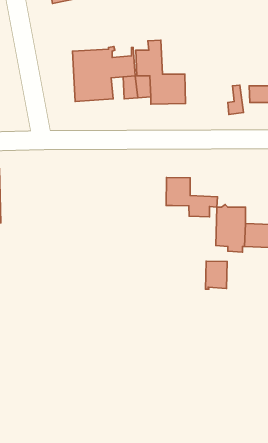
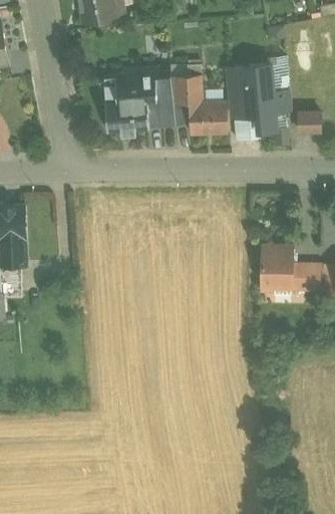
building: none -> [229,64,292,130]
building: [166,177,217,217] -> none
building: [206,261,227,289] -> none

